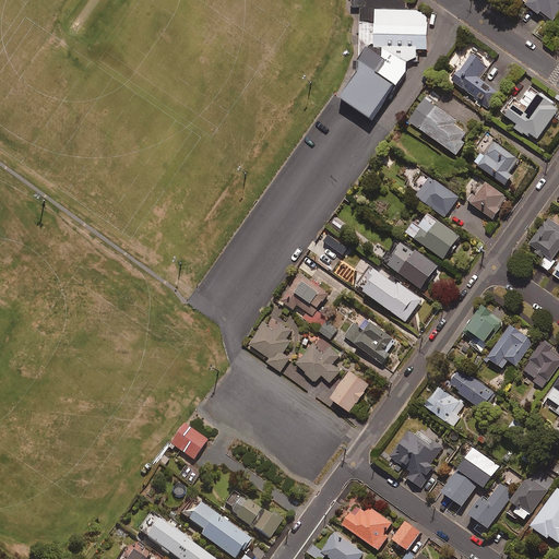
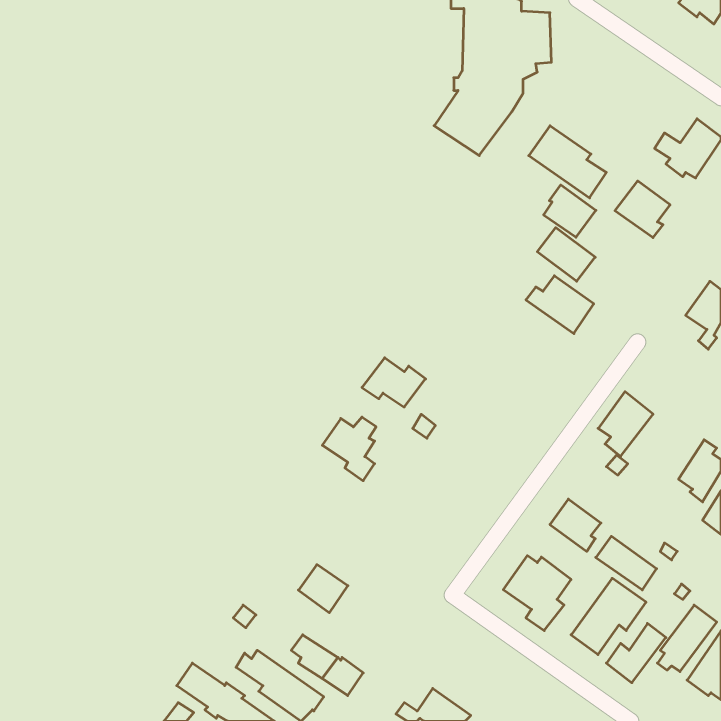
building: [452,52,497,106] -> none
building: [467,177,508,217] -> [544,185,596,237]
building: [388,240,437,287] -> none
building: [361,276,421,321] -> none
building: [344,319,395,364] -> none
building: [488,328,534,368] -> none
building: [296,337,340,382] -> none
building: [445,367,492,408] -> [596,536,657,590]
building: [330,370,369,411] -> none
building: [168,423,206,460] -> [298,565,348,613]
building: [342,504,392,549] -> none
building: [392,520,420,549] -> none

